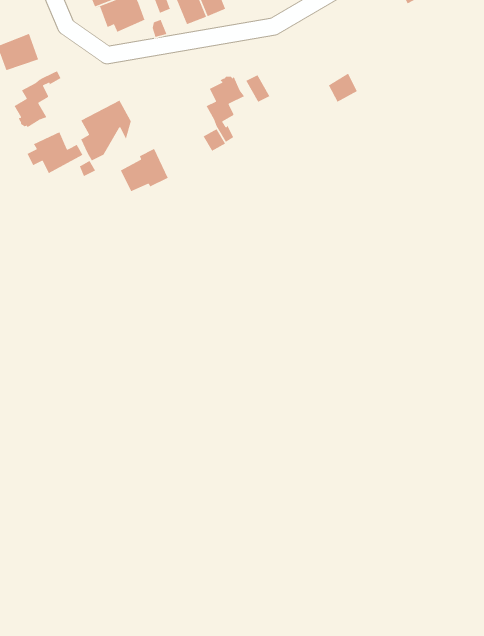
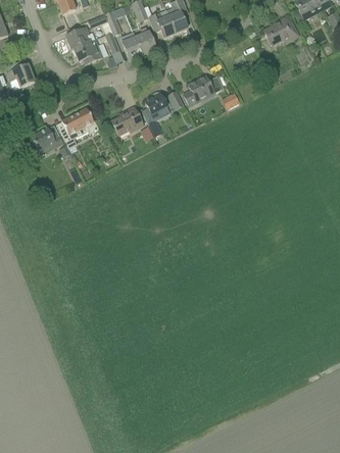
building: none -> [184,74,223,105]
building: [14,69,62,129] -> none
building: [120,148,169,192] -> [111,105,143,134]

